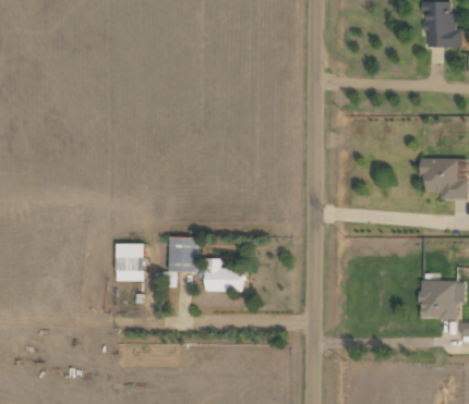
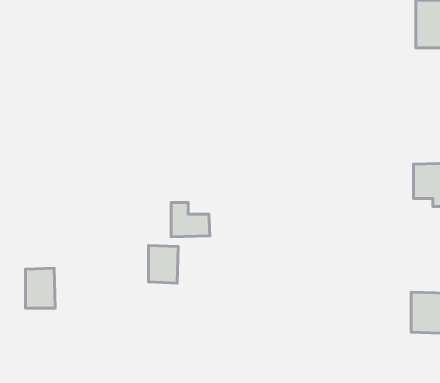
building: [116,242,144,280] -> [26,268,55,308]
building: [205,258,242,291] -> [171,203,210,237]

